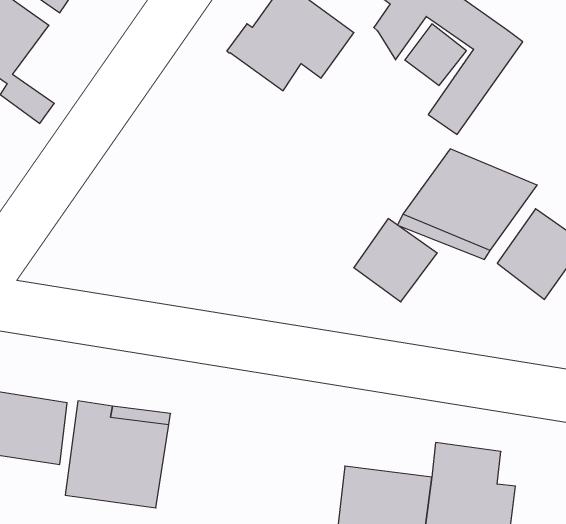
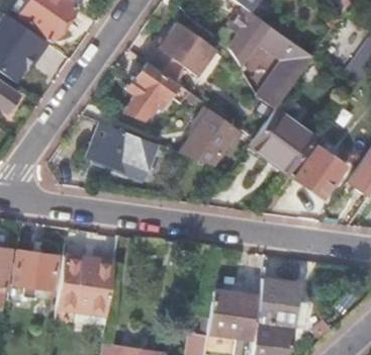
building: none -> [125,61,179,119]
building: none -> [89,121,158,176]
building: [354,219,437,302] -> [192,108,239,155]

